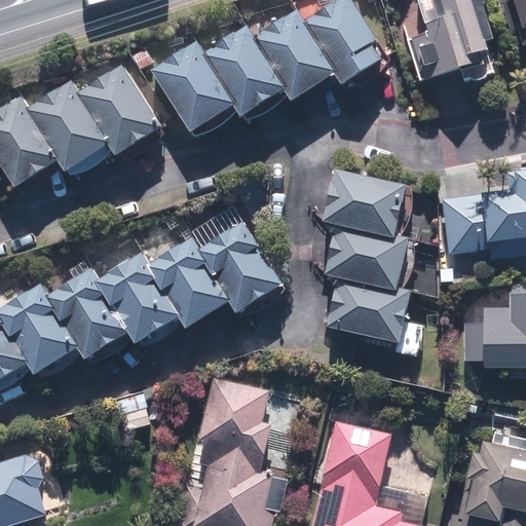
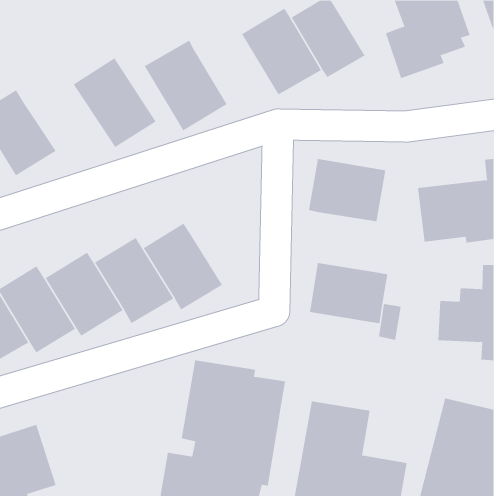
building: [204,25,291,122] -> none
building: [26,80,112,172] -> none
building: [202,222,285,312] -> none
building: [325,225,414,290] -> none

